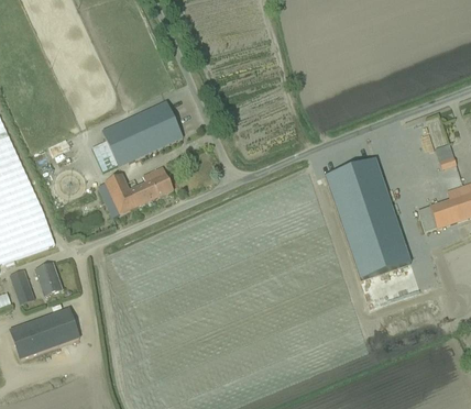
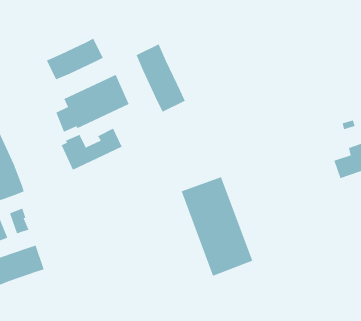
building: none -> [46,38,103,80]
building: none -> [136,43,186,112]
building: [318,157,406,278] -> [181,176,253,276]

